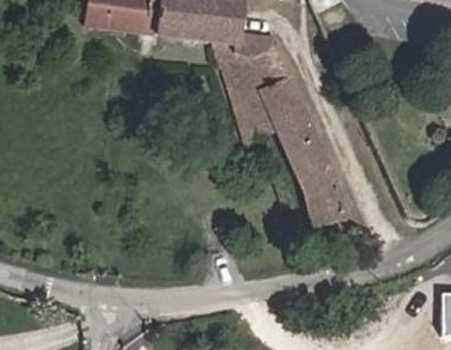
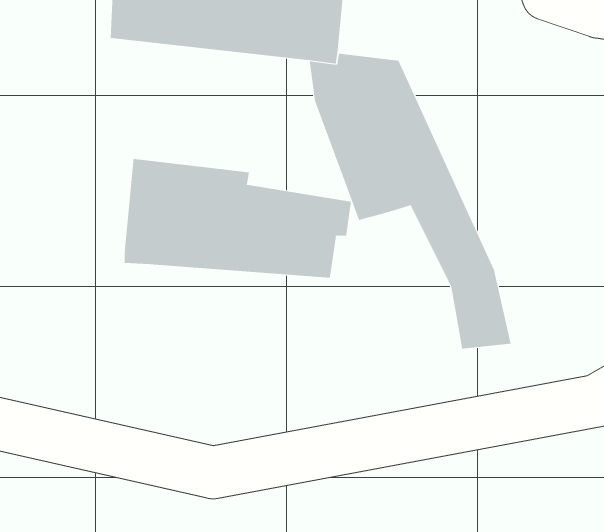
building: none -> [124,158,351,279]

